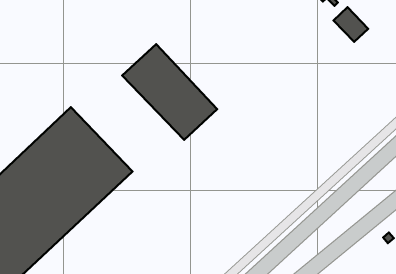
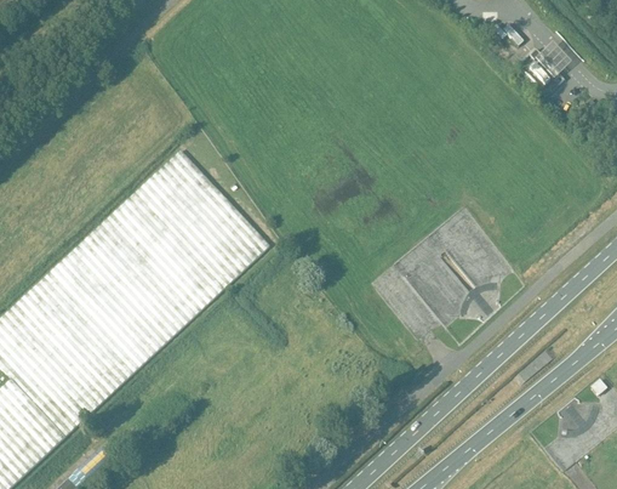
building: [122,44,217,140] -> [130,149,269,290]

